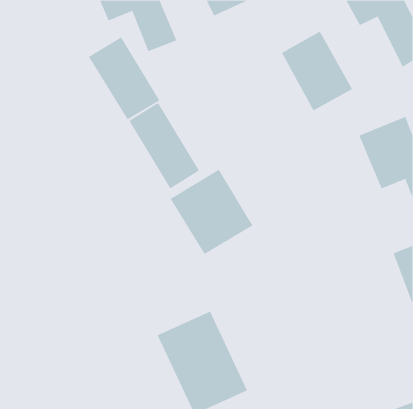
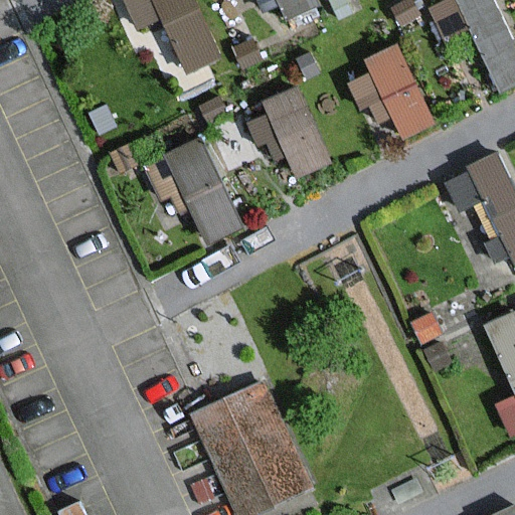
building: [88,36,160,120] -> none
building: none -> [262,83,332,176]
building: [170,169,253,255] -> none

